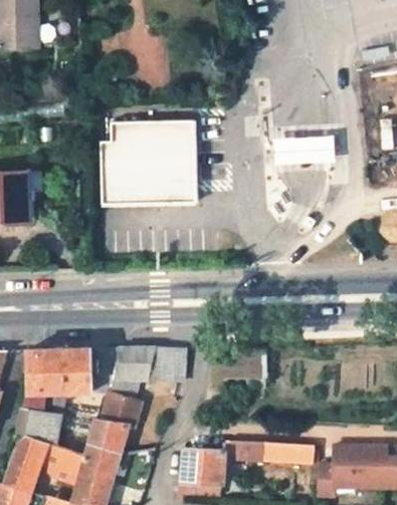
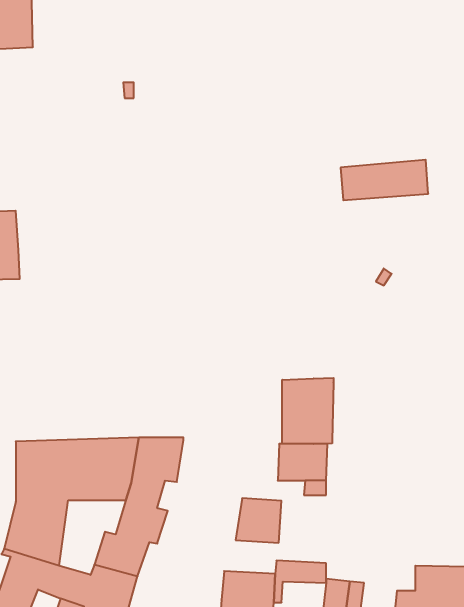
building: [101,122,198,206] -> none
building: none -> [282,378,334,444]
building: [150,347,185,382] -> [236,498,281,543]

